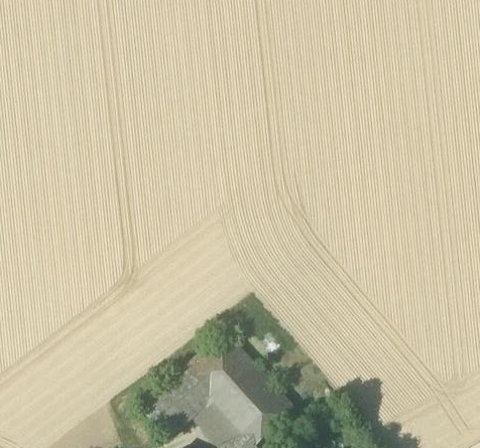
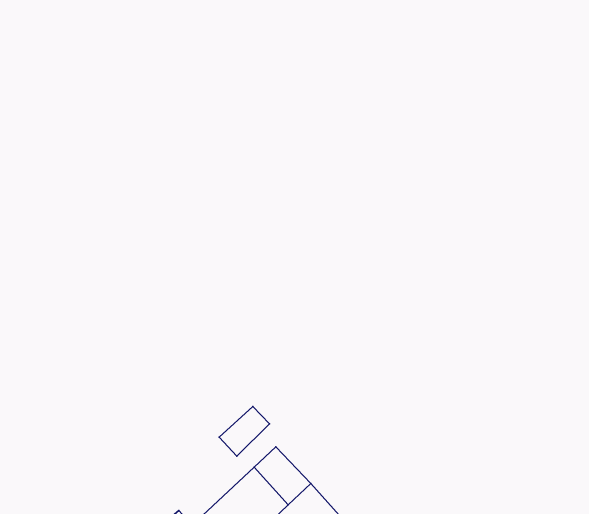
building: none -> [219,406,269,456]

